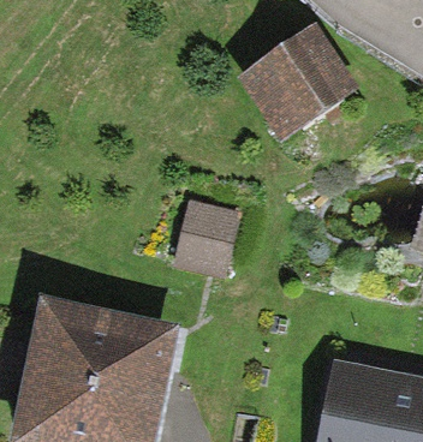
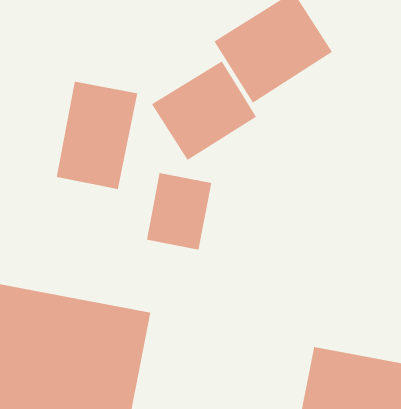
building: none -> [151,61,257,161]
building: none -> [56,81,138,190]

